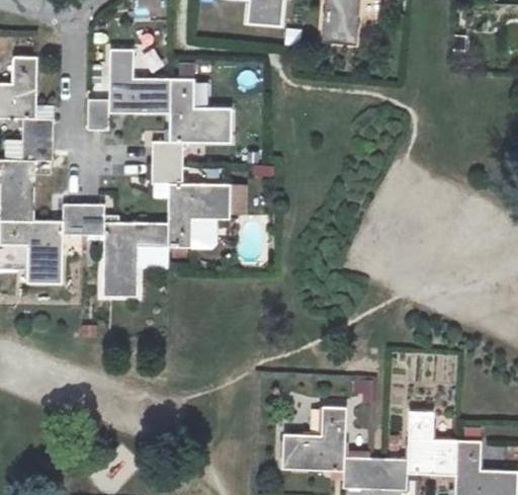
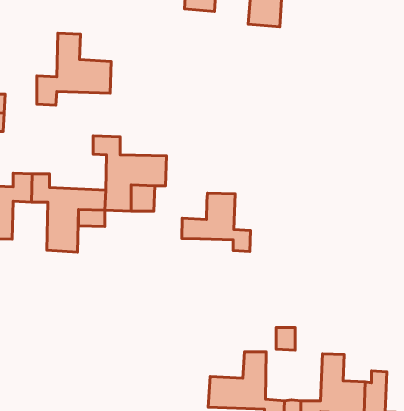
building: [151,81,235,165] -> none
building: none -> [182,193,251,251]

